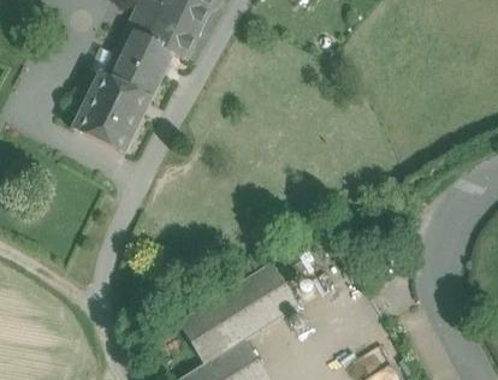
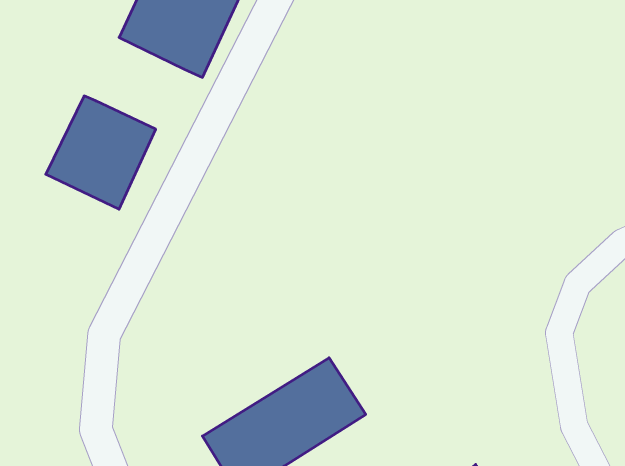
building: [105,34,168,99] -> none

